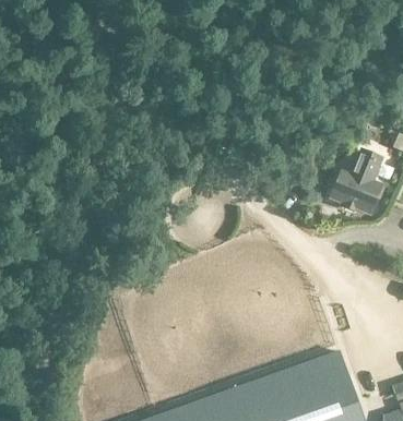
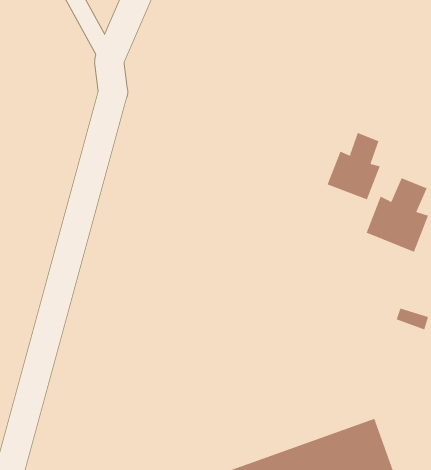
building: none -> [327,132,381,200]

